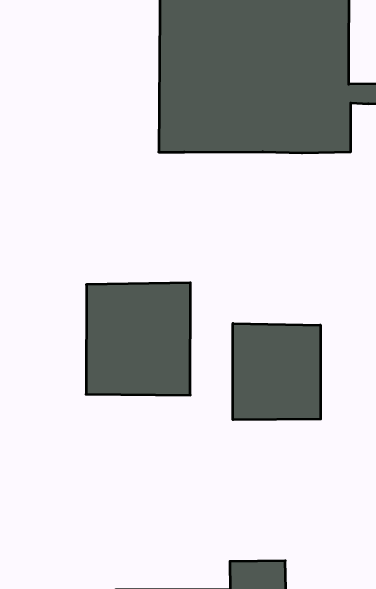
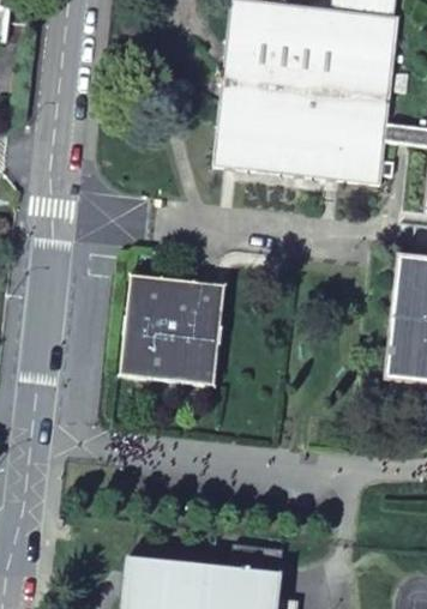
building: [233,323,321,420] -> none

